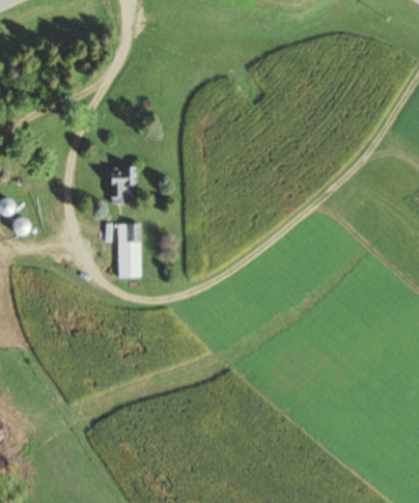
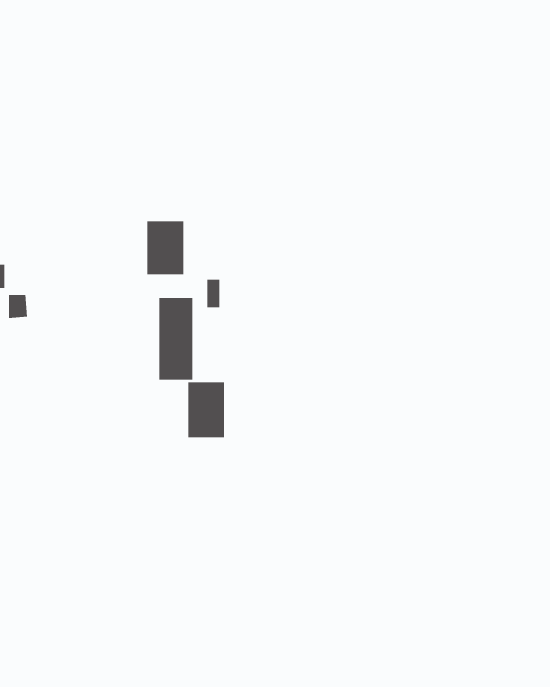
building: none -> [188,381,225,438]

